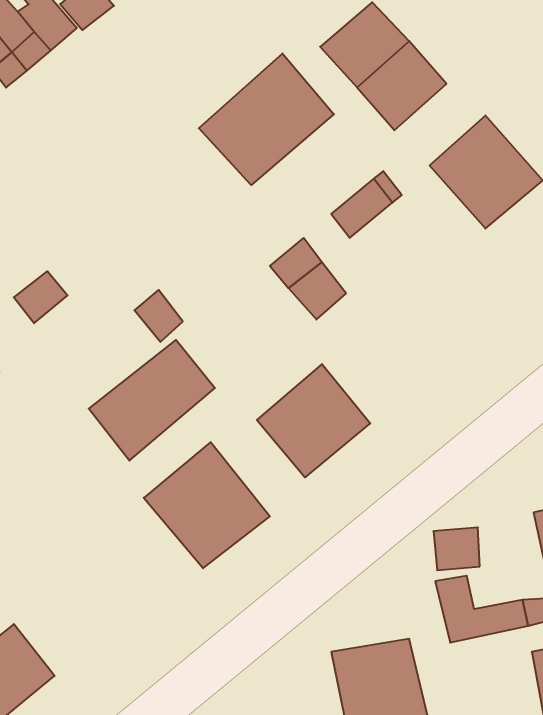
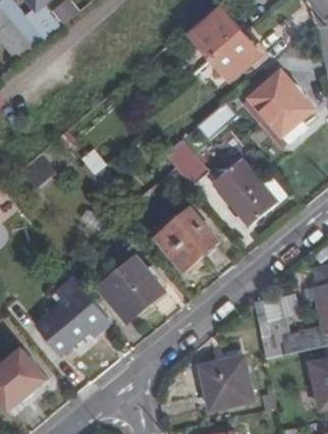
building: [199,53,334,185] -> none
building: none -> [217,161,279,225]
building: [89,340,215,461] -> [37,286,106,352]

